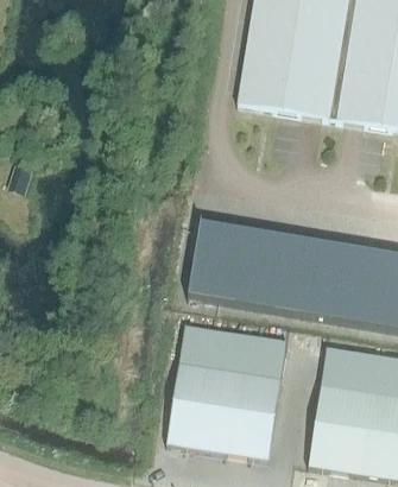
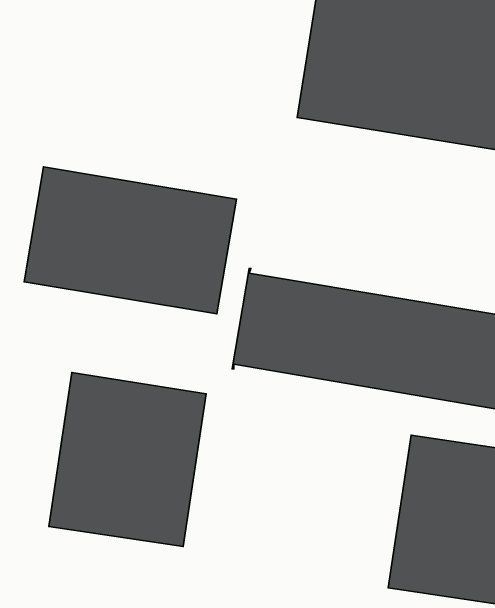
building: none -> [24,167,236,314]
building: [166,325,288,460] -> [49,372,206,547]

